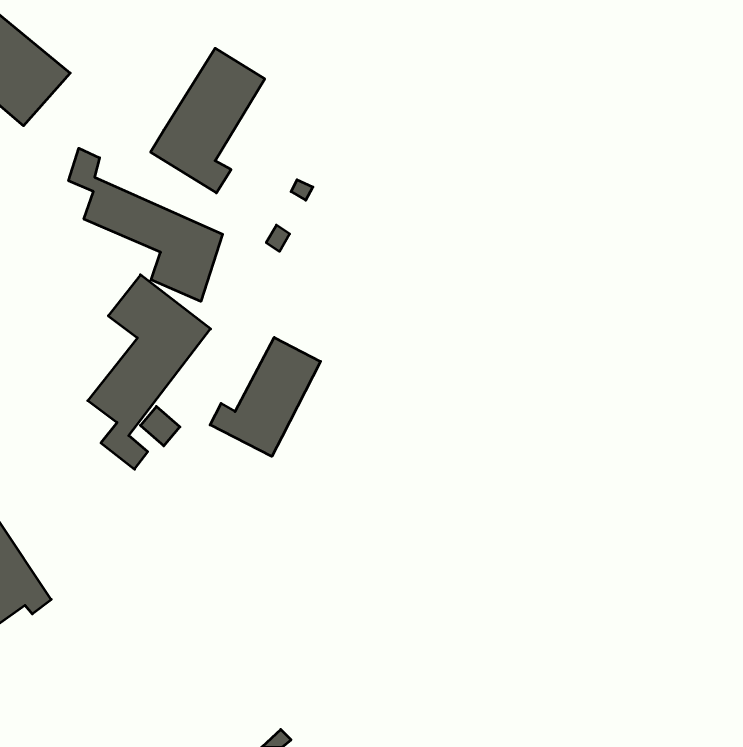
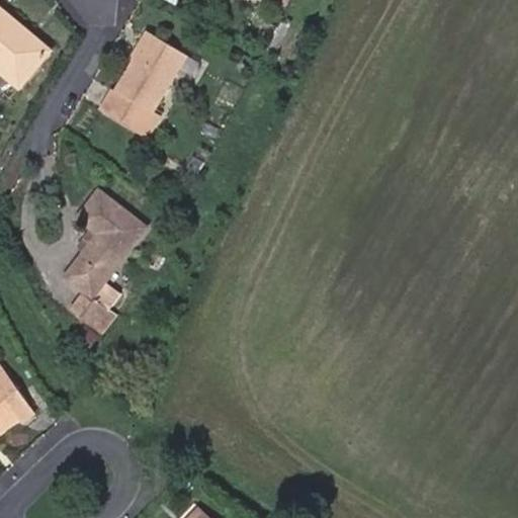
building: [69,148,223,301] -> none
building: [210,337,321,456] -> none

